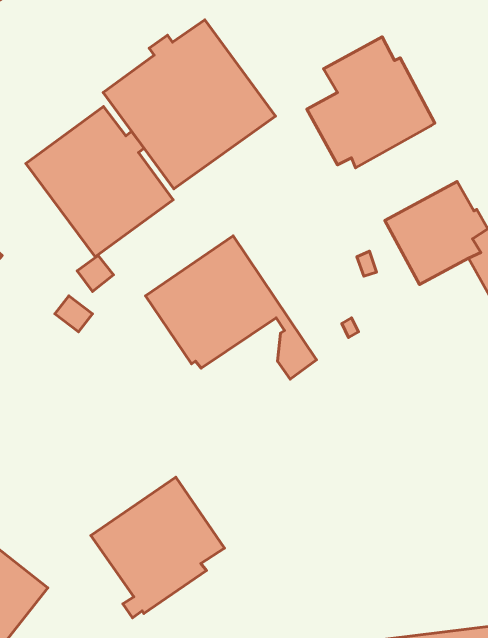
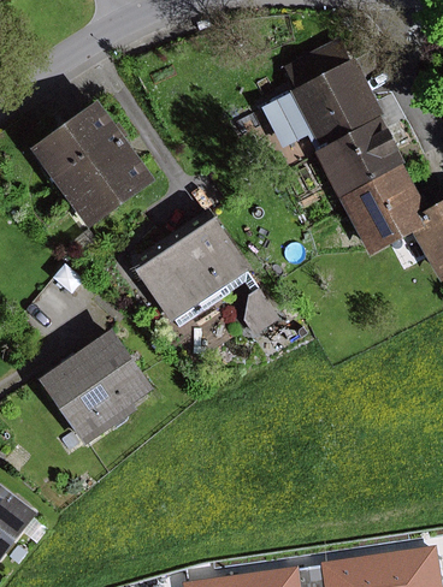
building: [103,20,275,189] -> none
building: none -> [313,117,403,198]
building: [91,477,224,618] -> [36,330,152,451]

